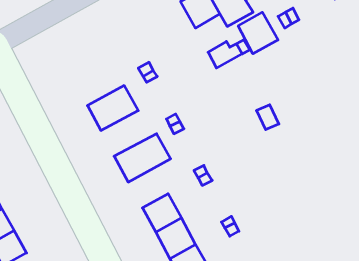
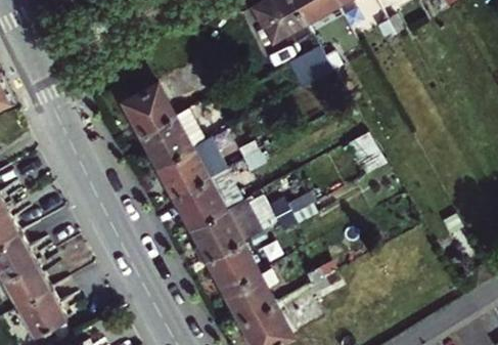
building: [238,12,278,54] -> none
building: none -> [123,88,172,136]
building: none -> [156,139,225,199]
building: none -> [190,202,259,262]

